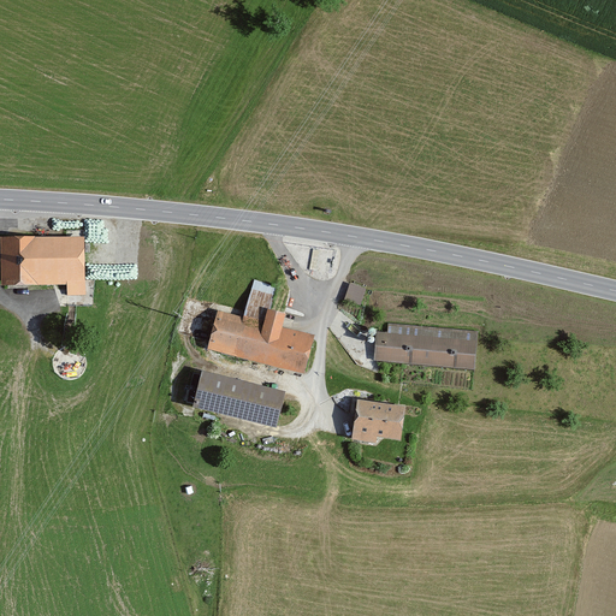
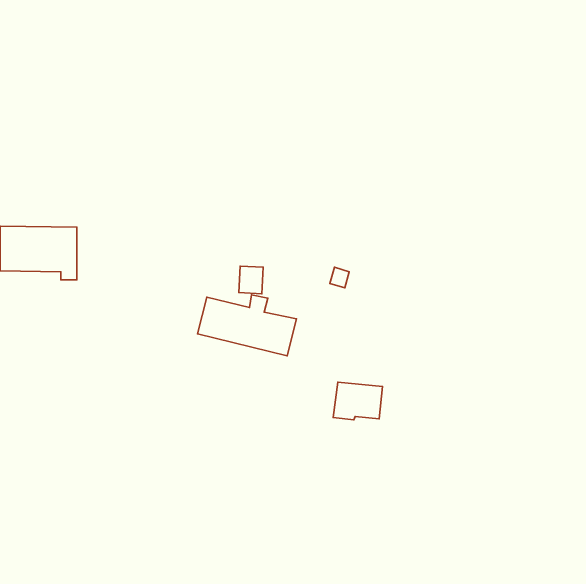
building: [375,322,479,366] -> none
building: [192,373,280,427] -> none

